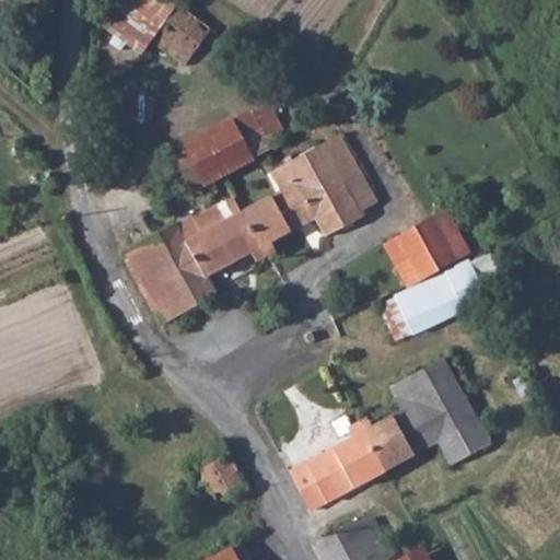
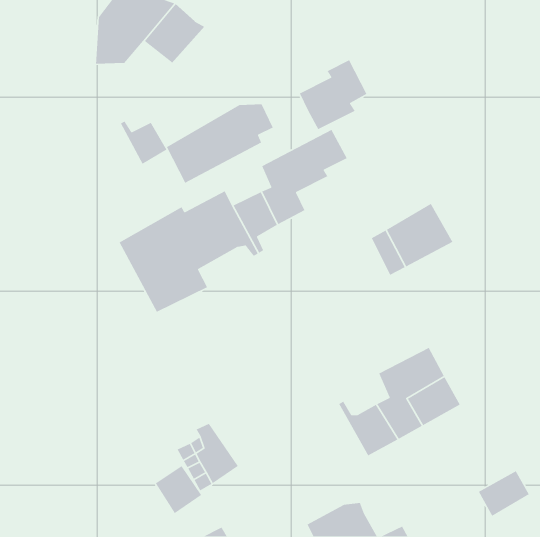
building: none -> [120,121,167,165]
building: [307,164,378,237] -> [299,59,368,130]
building: [410,264,485,329] -> none
building: [291,418,381,511] -> none
building: [438,419,491,467] -> [478,470,530,517]
building: none -> [155,465,202,514]

